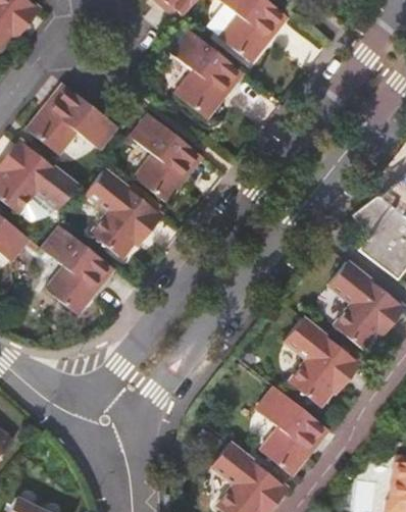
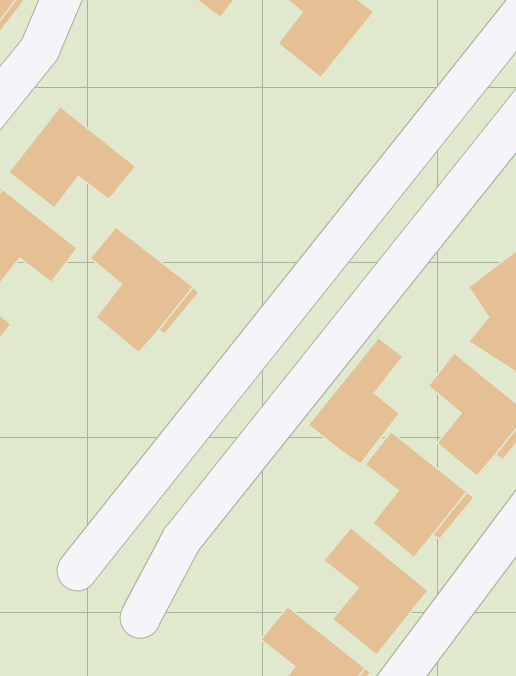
building: [171,30,245,119] -> none
building: [131,113,204,203] -> none
building: [42,225,116,315] -> none
building: none -> [308,338,403,464]

